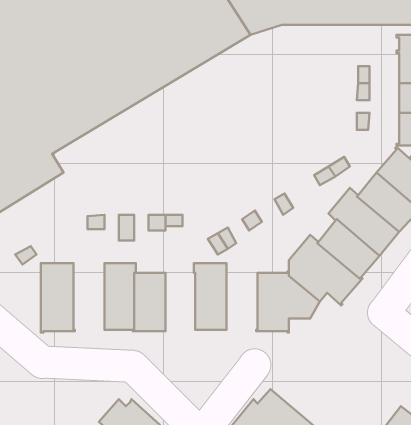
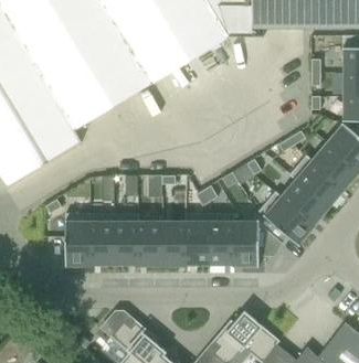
building: none -> [89,213,114,265]
building: none -> [209,213,234,265]
building: none -> [161,221,187,266]

